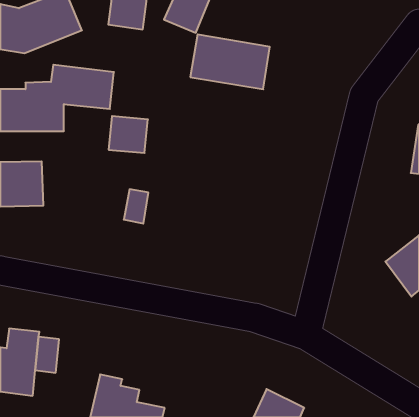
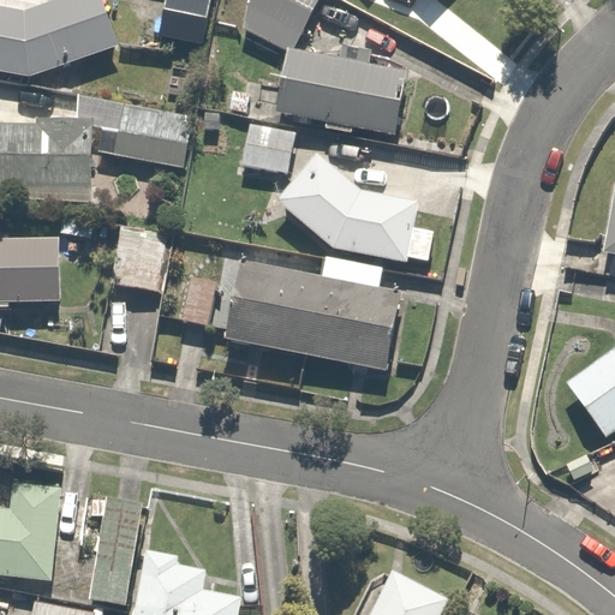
building: none -> [240,124,293,173]
building: none -> [273,150,417,259]
building: [109,116,148,153] -> [108,234,166,288]
building: none -> [220,253,399,369]
building: none -> [84,495,143,604]

